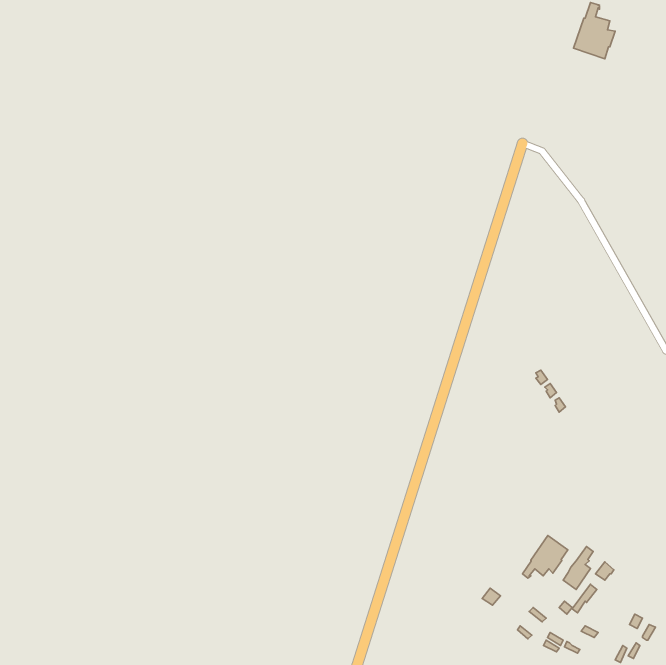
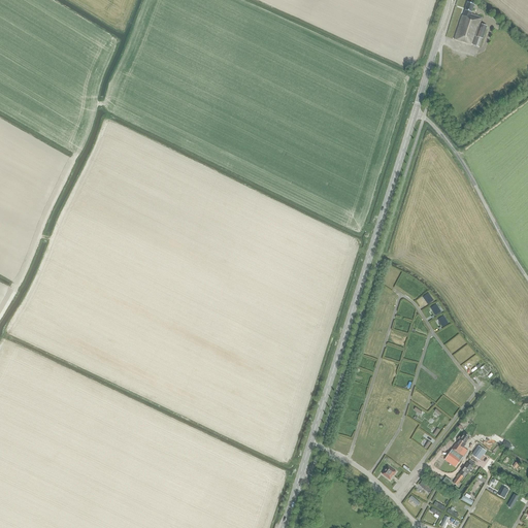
building: [522,536,568,578] -> none

